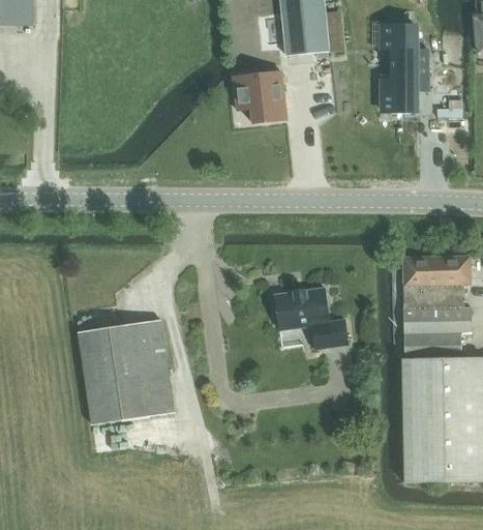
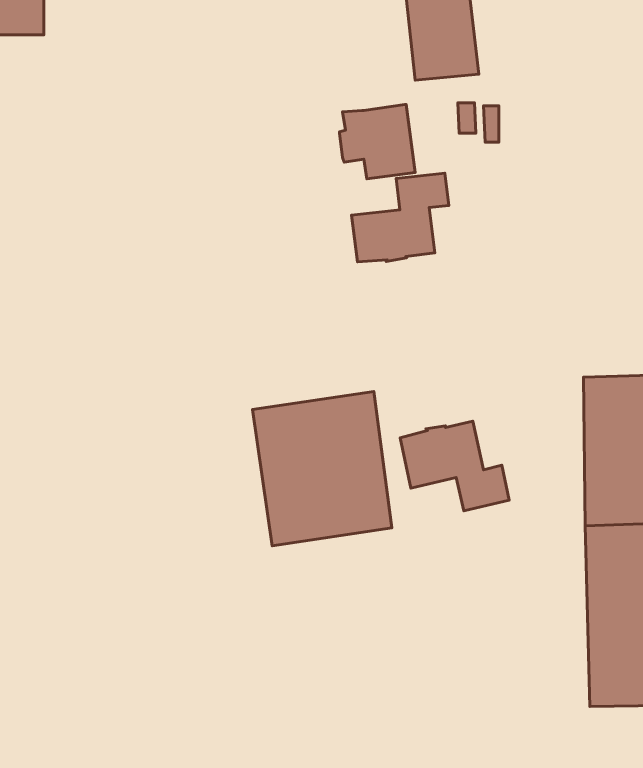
building: [383,25,429,112] -> none
building: none -> [351,173,449,262]
building: [79,319,174,424] -> [252,391,392,546]

